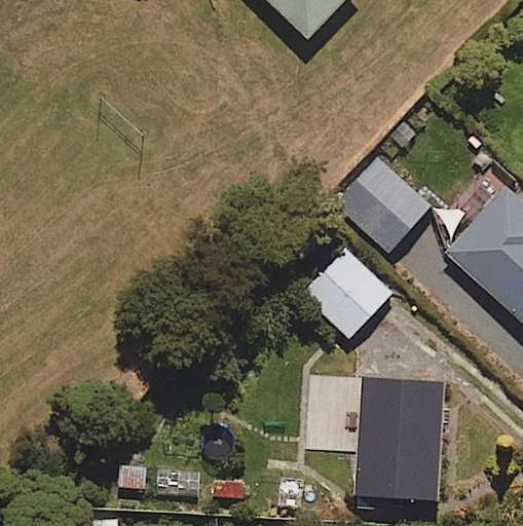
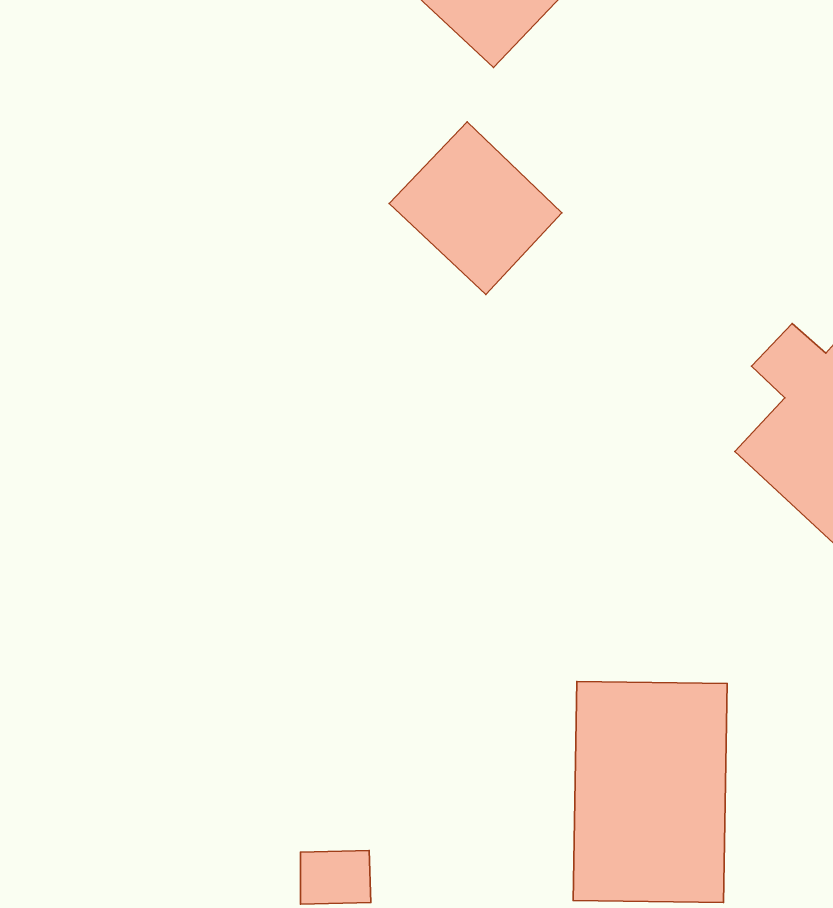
building: [335,156,431,252] -> [389,122,562,294]
building: [301,248,391,338] -> none

